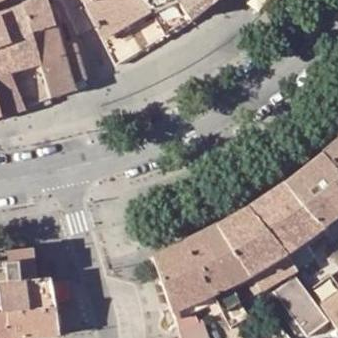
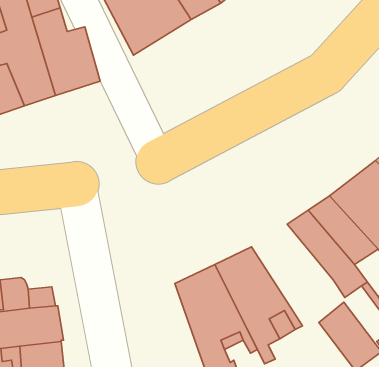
building: [217,206,296,292] -> none

